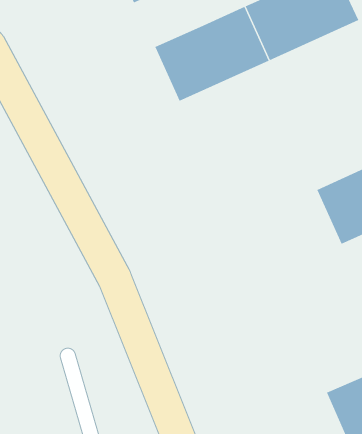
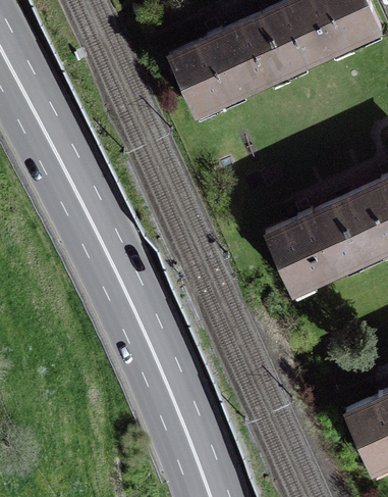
building: none -> [266,206,361,294]

